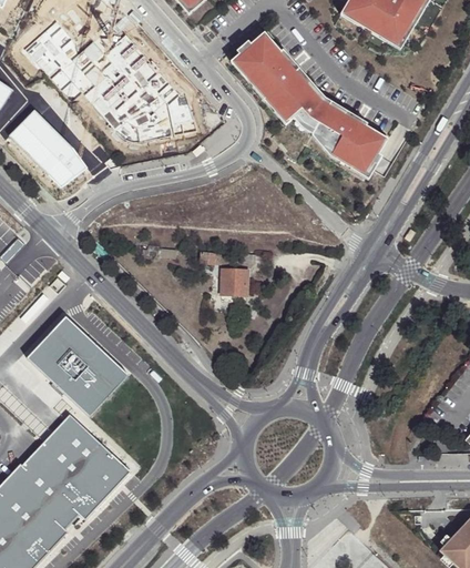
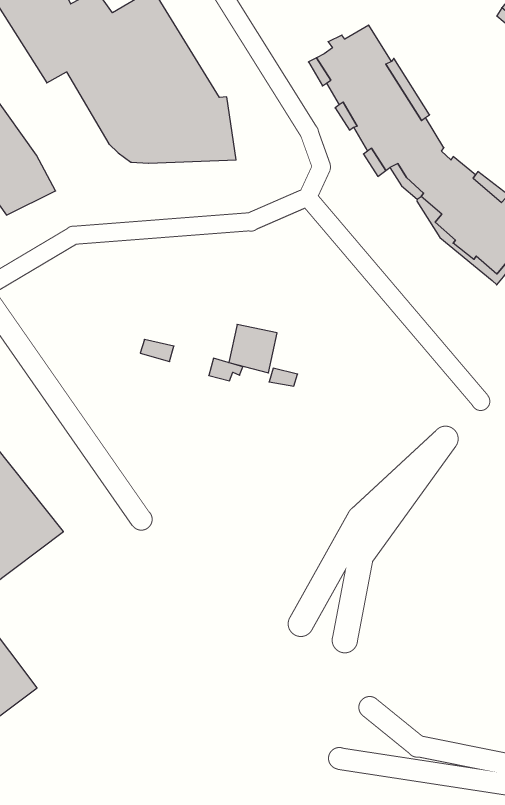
building: [222,271,248,297] -> [229,324,277,373]

